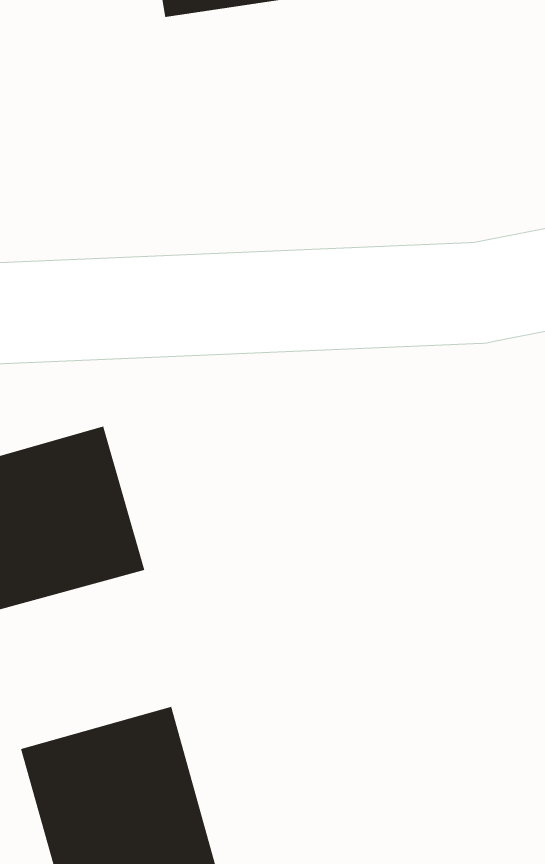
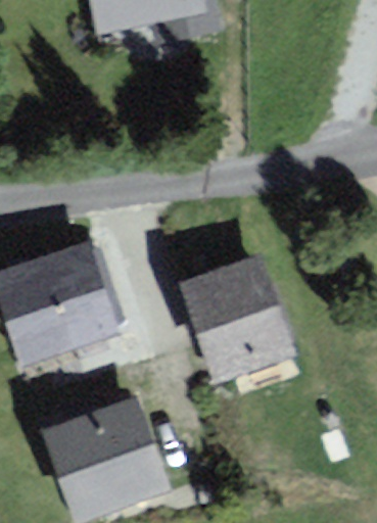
building: none -> [186,262,284,374]

